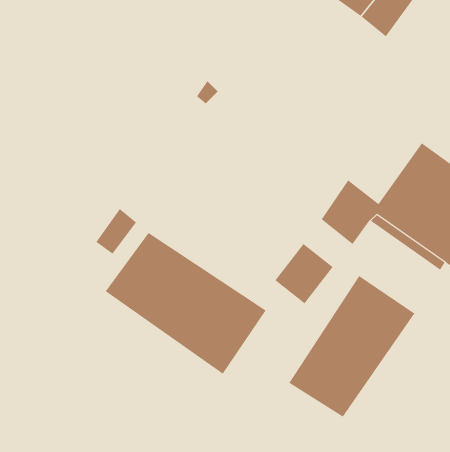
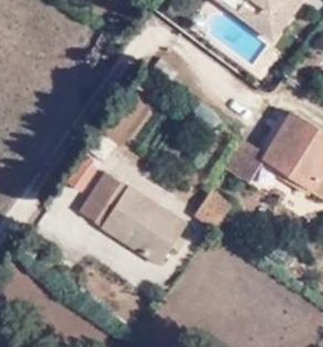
building: [288,275,415,417] -> none

